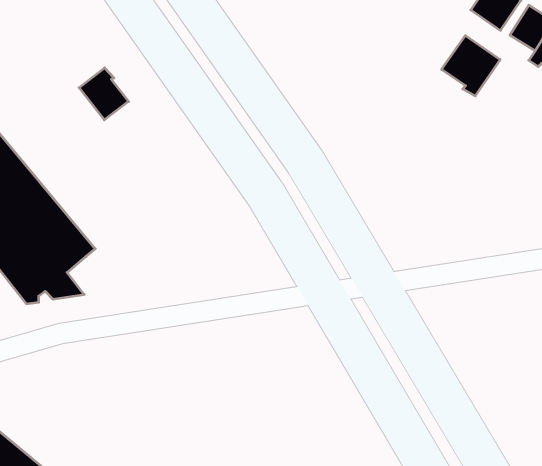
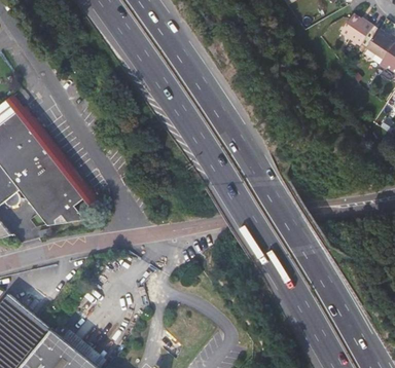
building: [442,36,500,96] -> none
building: [79,68,129,120] -> none

